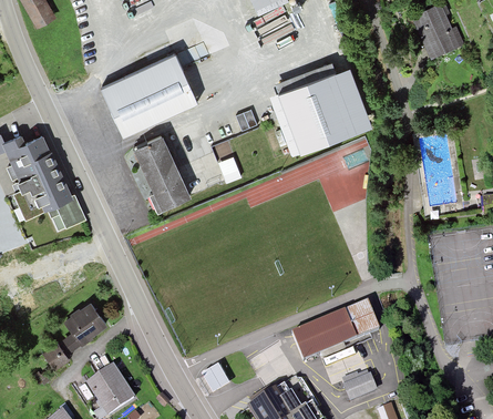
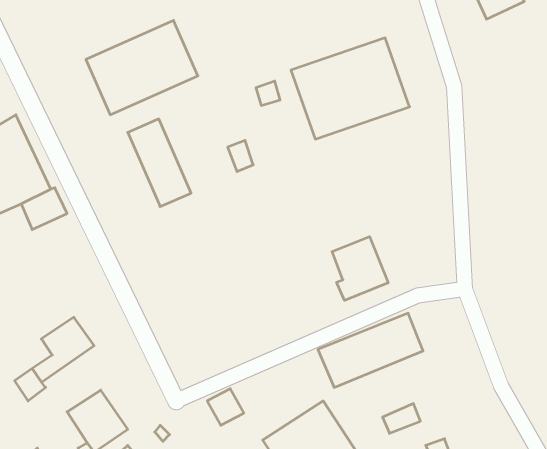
building: none -> [332,237,388,300]

